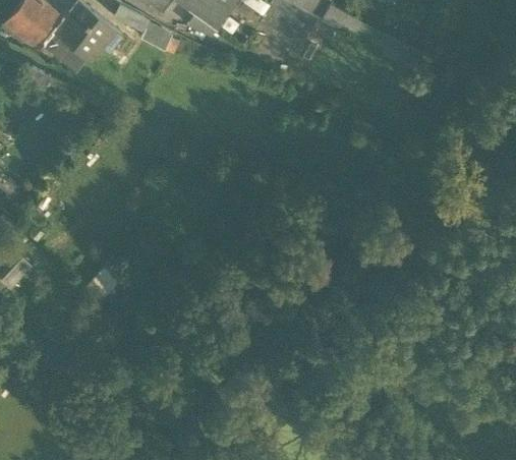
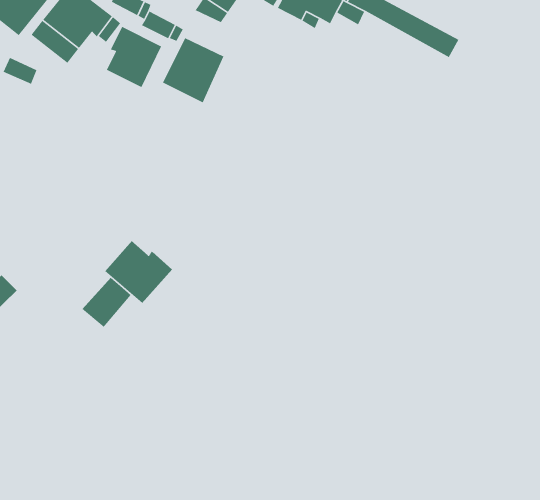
building: none -> [106,26,162,88]
building: none -> [162,37,224,104]
building: none -> [104,240,173,304]

